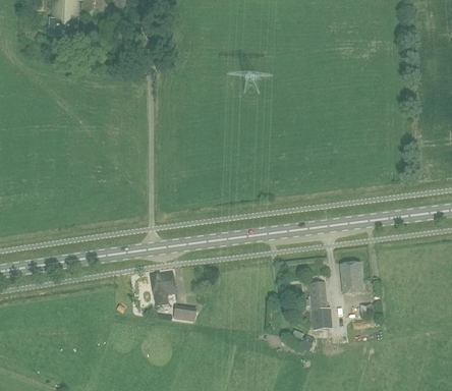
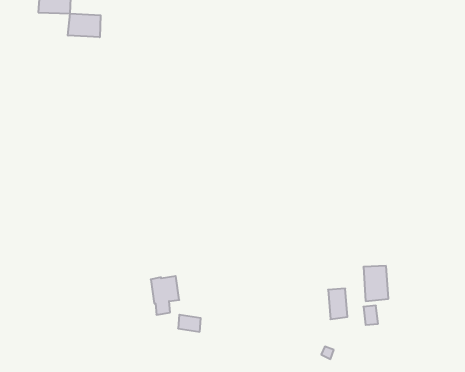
building: none -> [68,14,101,37]
building: [310,308,332,330] -> none

